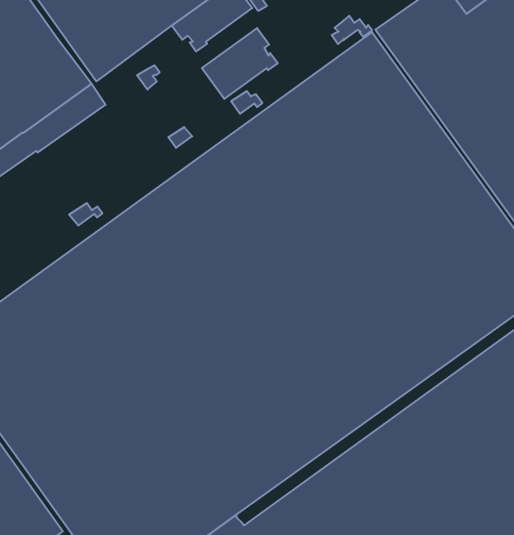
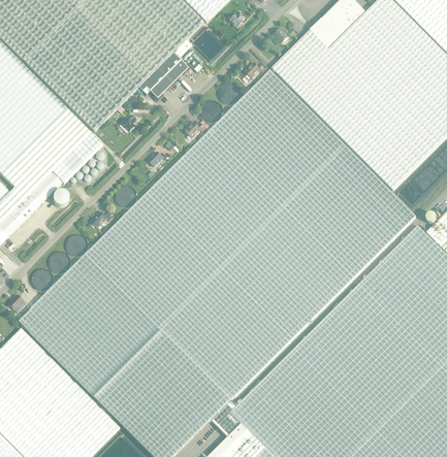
building: [202,28,278,99] -> none

